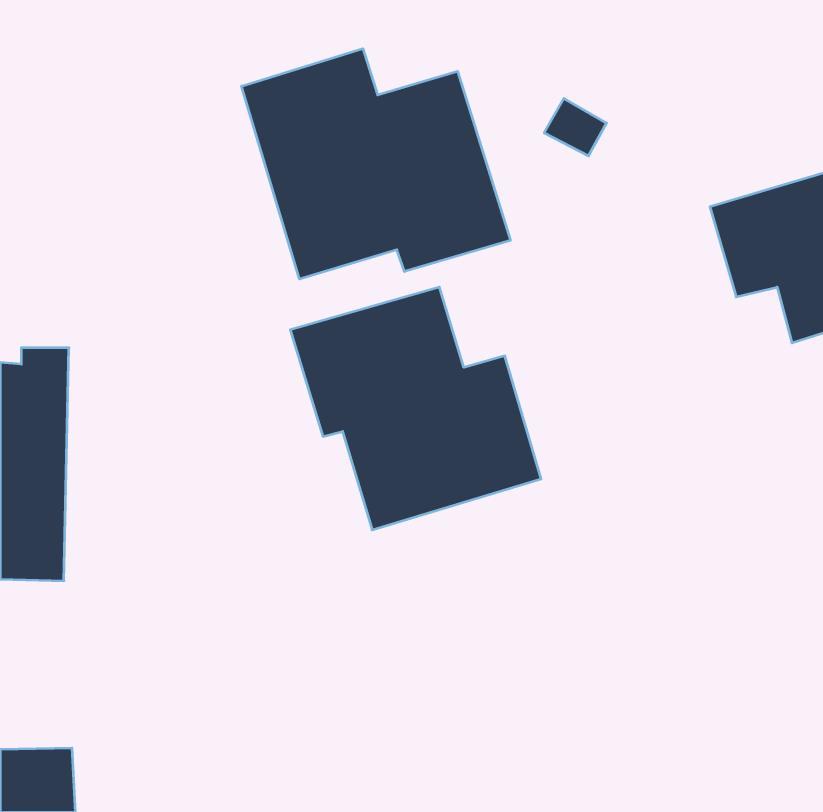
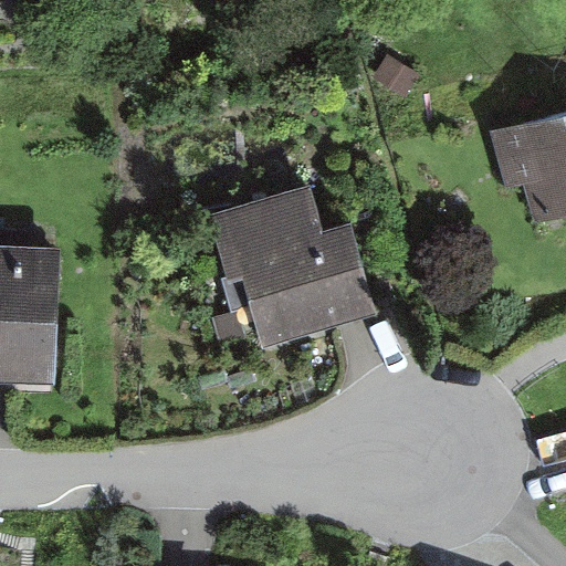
building: [242,49,510,279] -> none

